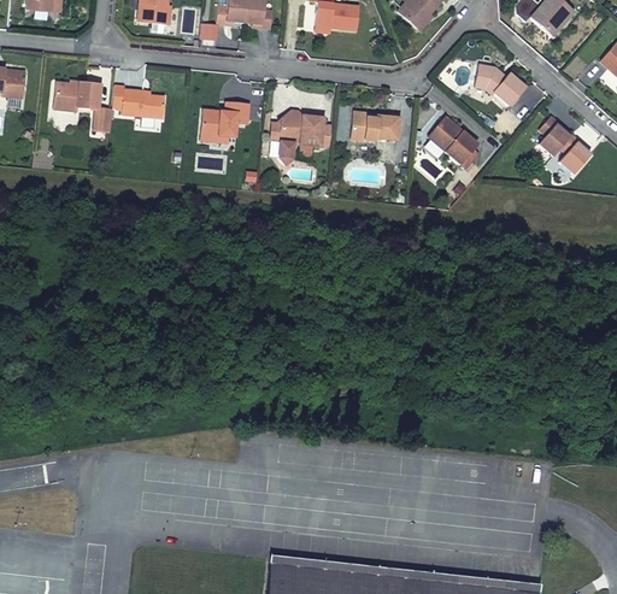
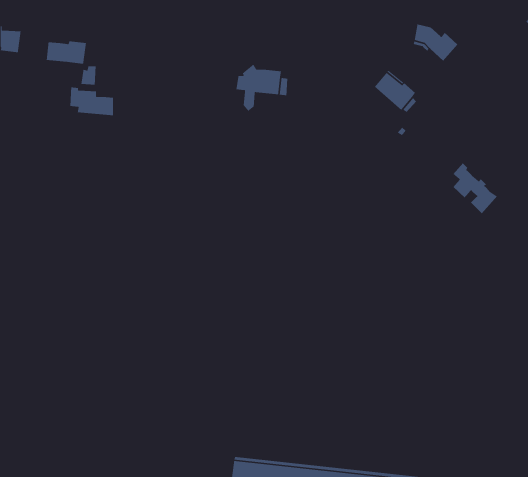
building: [113,86,164,119] -> [69,87,114,116]
building: [201,101,248,136] -> none
building: [352,116,398,142] -> none
building: [539,116,590,175] -> [452,163,498,214]

